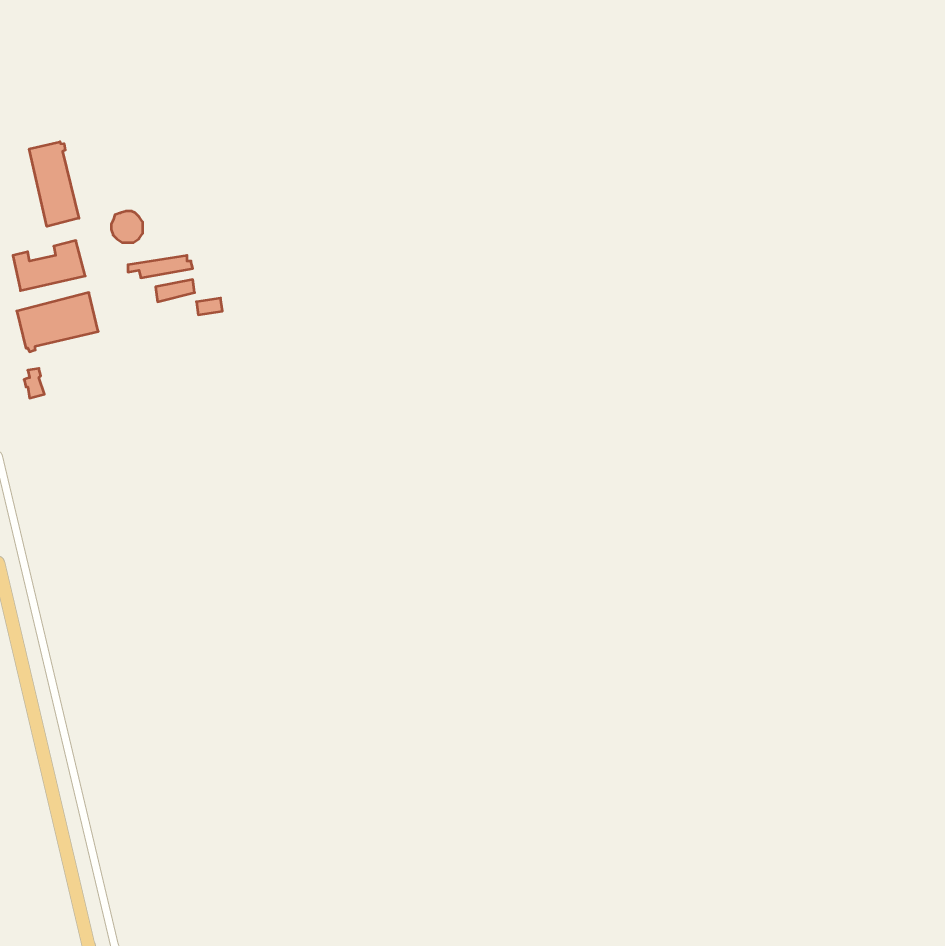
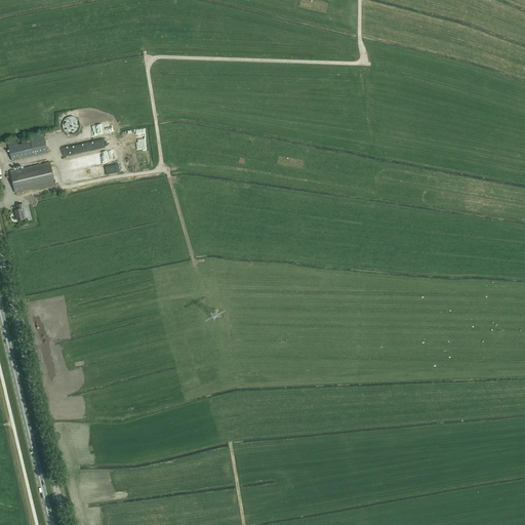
building: [29,142,79,226] -> none

